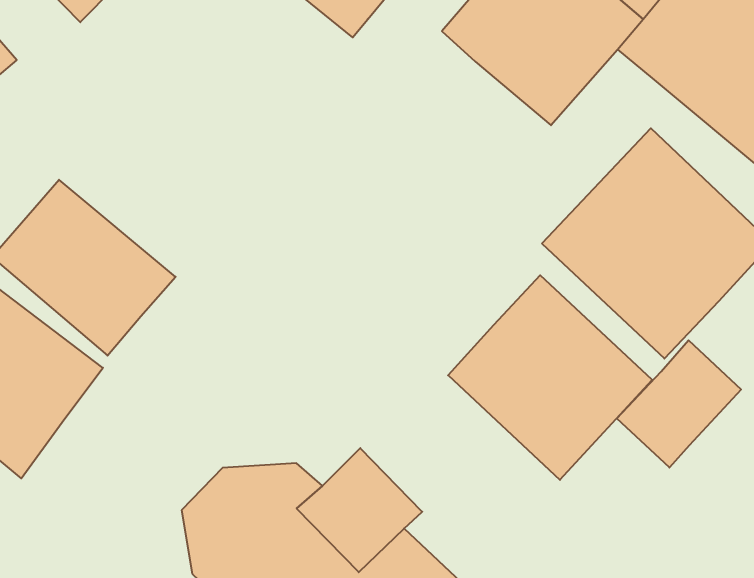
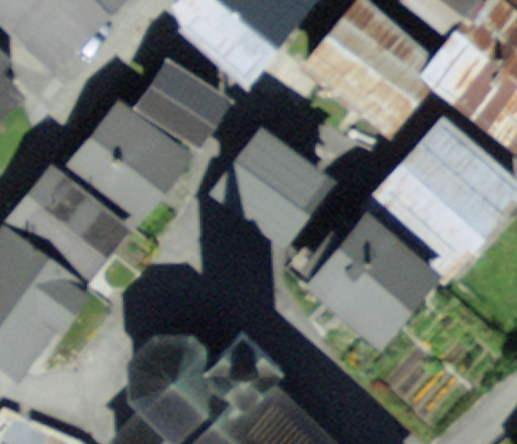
building: none -> [135,47,230,138]
building: none -> [74,98,187,207]
building: none -> [216,135,334,254]
building: [617,340,741,468] -> none

